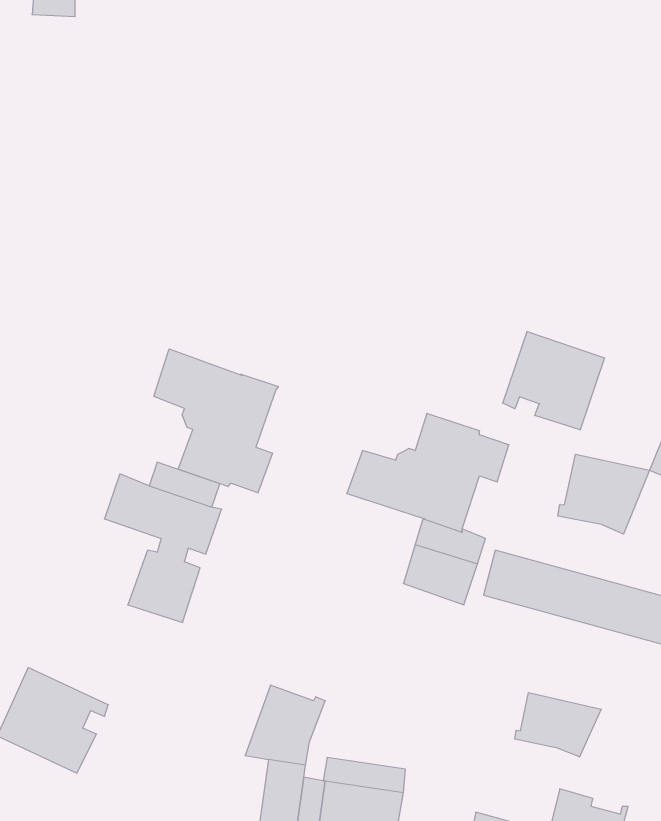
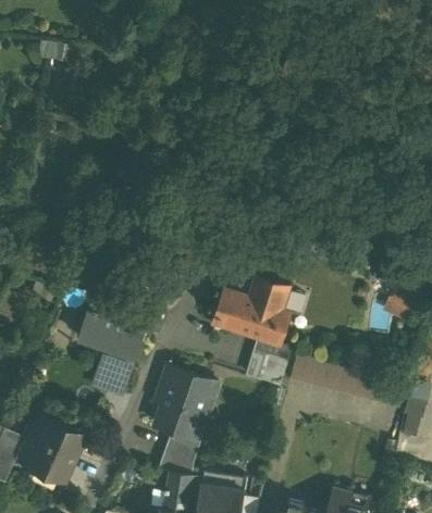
building: [503,331,604,430] -> none
building: [154,349,278,493] -> none
building: [558,454,650,534] -> none
building: none -> [156,366,219,439]
building: [515,693,601,757] -> none

